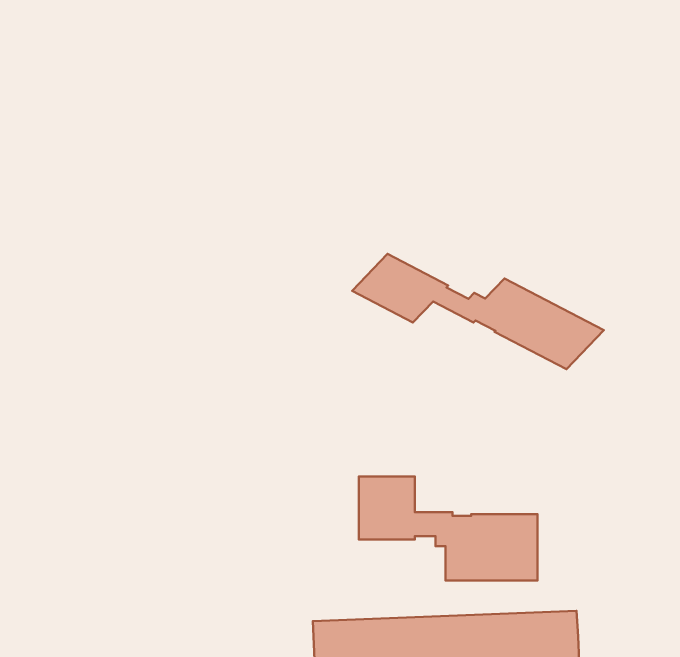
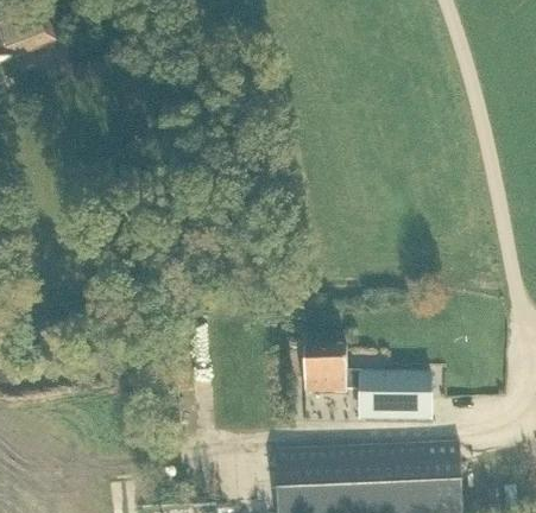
building: [352,254,604,369] -> none

